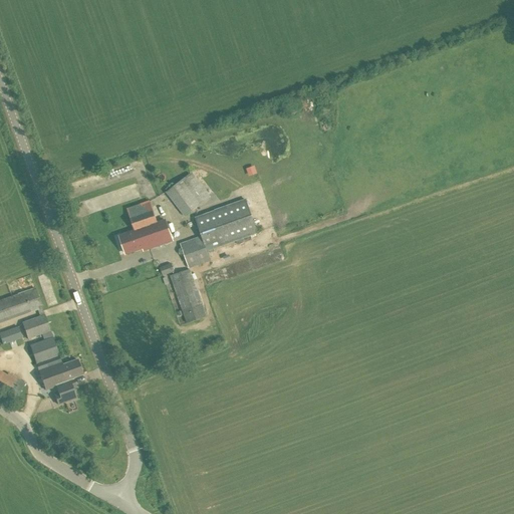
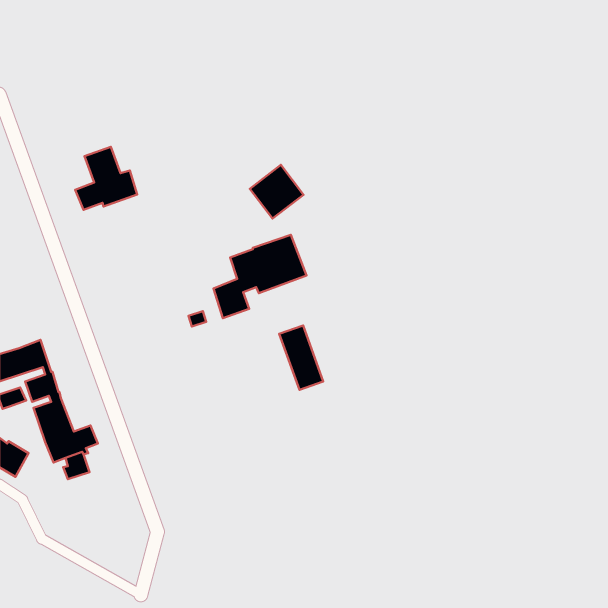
building: [165,171,210,216] -> [250,165,303,219]
building: [118,200,171,253] -> [75,147,137,210]
building: [169,268,206,322] -> [279,326,323,390]

